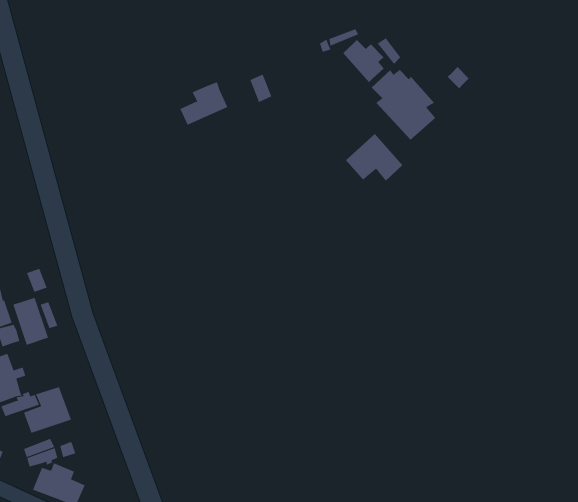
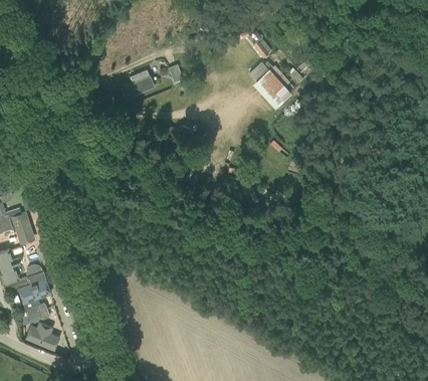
building: [342,39,384,83] -> none
building: [345,133,403,182] -> none

